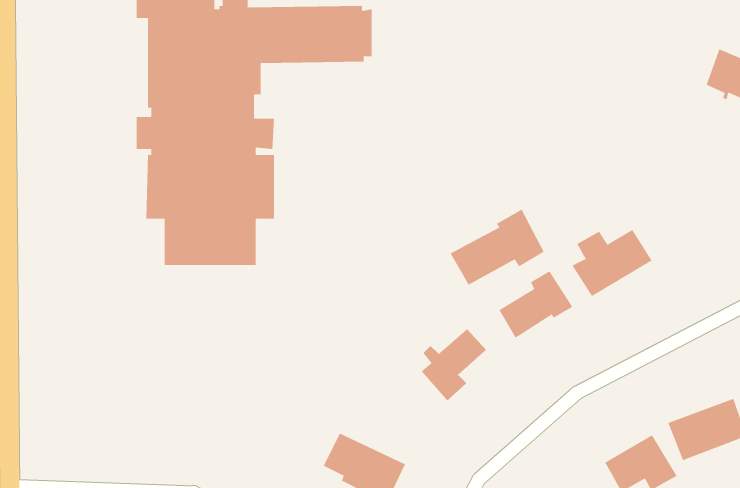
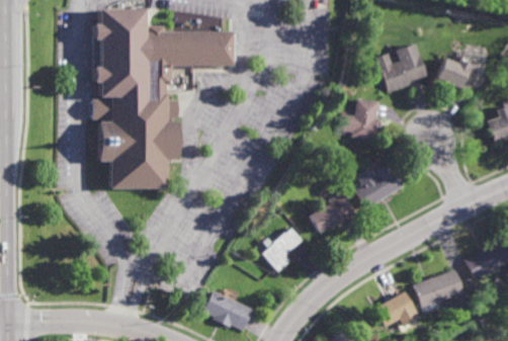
building: none -> [379,44,428,92]
building: none -> [343,98,383,141]
building: [450,209,545,285] -> none

